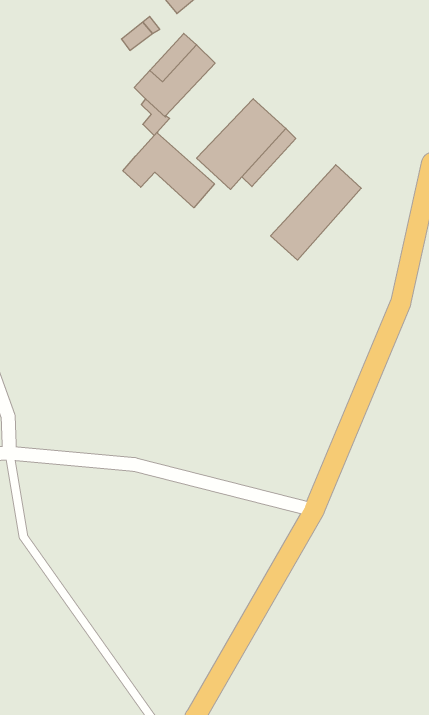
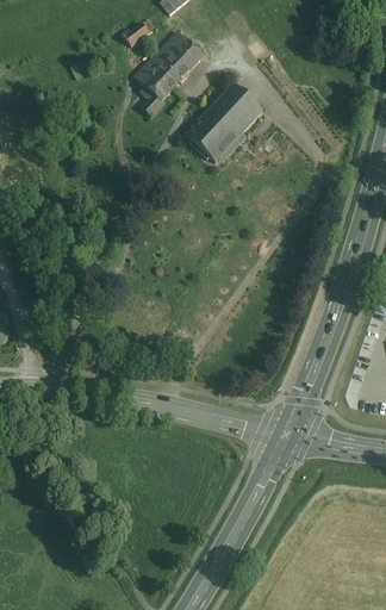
building: [123,132,214,208] -> none
building: [271,165,361,260] -> none

